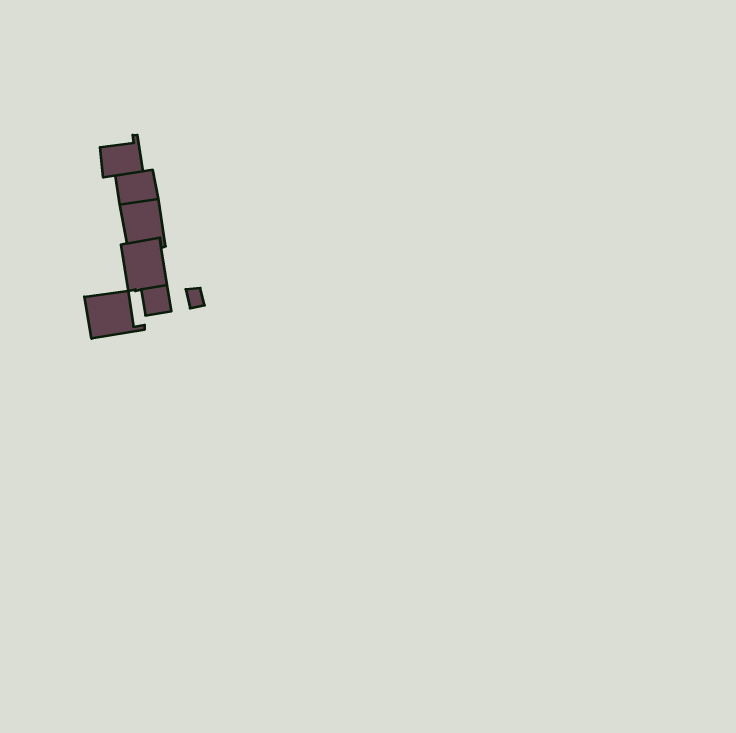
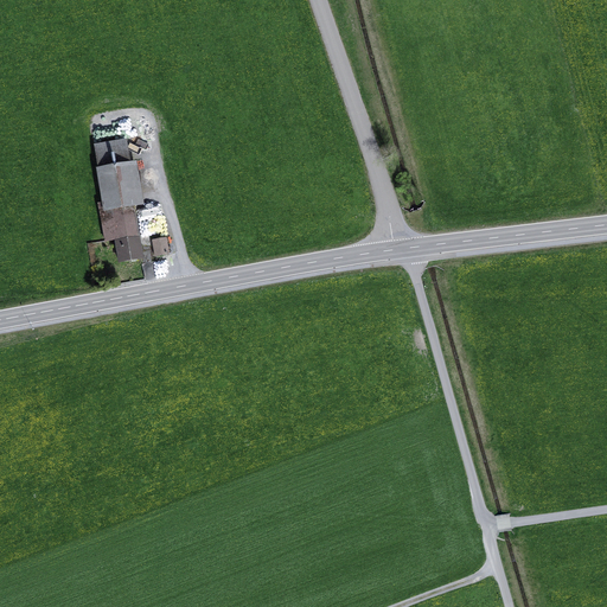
building: [100,135,143,177] -> none
building: [84,291,145,339] -> none

